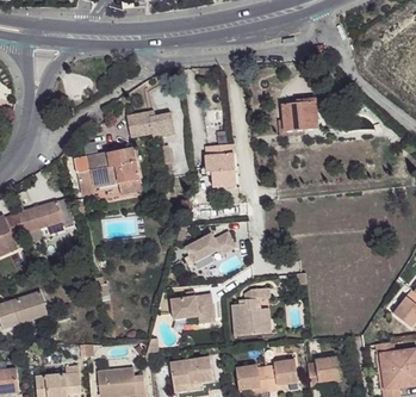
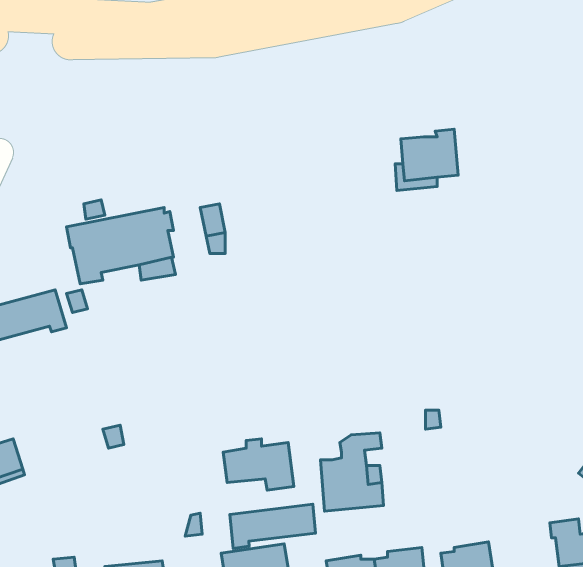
building: [125,111,174,138] -> none
building: [200,143,235,187] -> none
building: [185,230,236,262] -> none
building: none -> [230,504,316,549]

